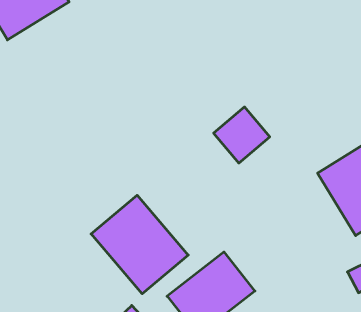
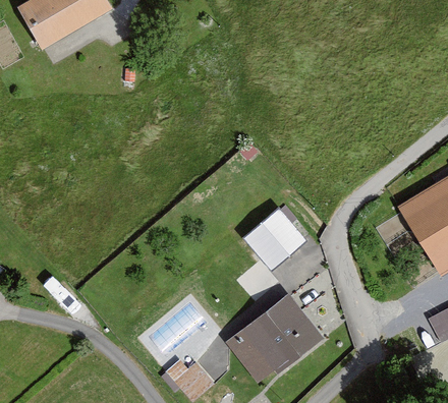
building: [214,107,270,163] -> [244,206,307,269]
building: [91,195,188,294] -> none

